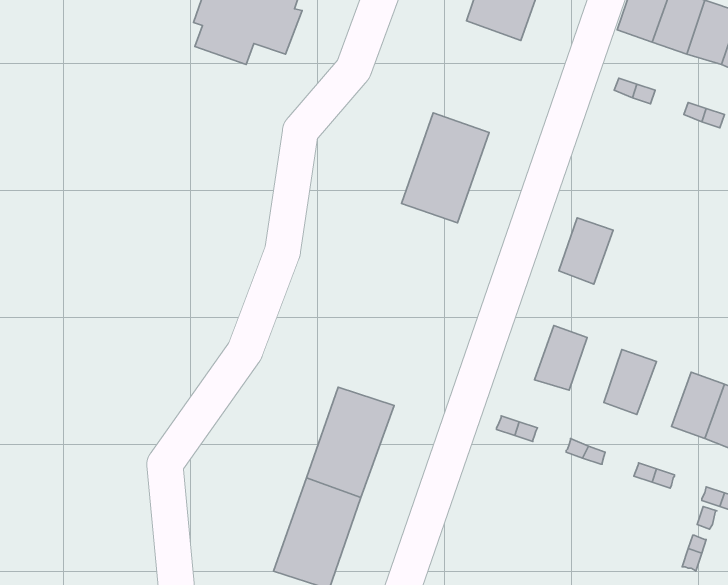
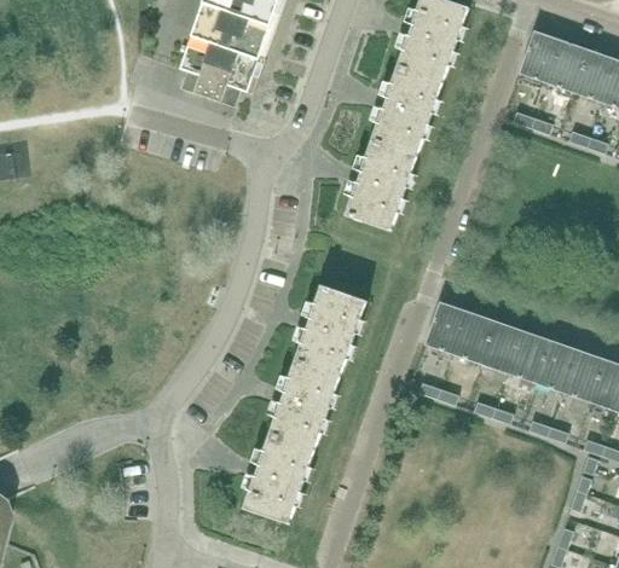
building: none -> [370,66,440,156]
building: [559,218,613,284] -> [423,301,467,354]
building: none -> [294,286,364,375]
building: none -> [479,320,521,372]
building: none -> [533,340,577,392]

